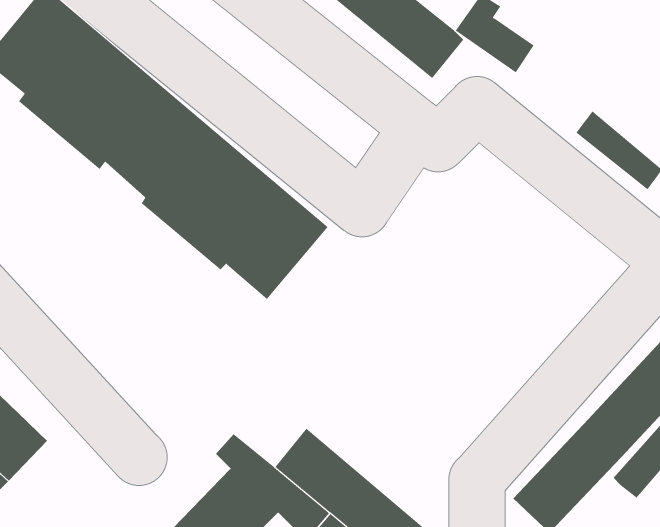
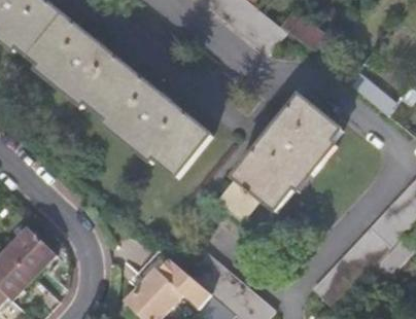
building: none -> [214,97,339,218]

